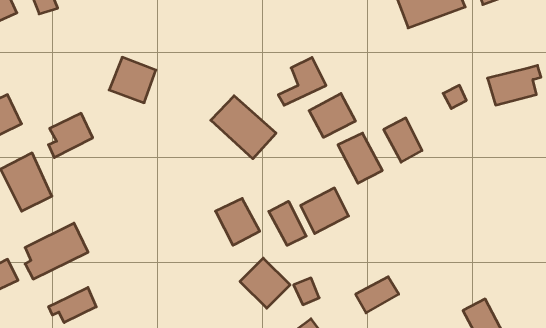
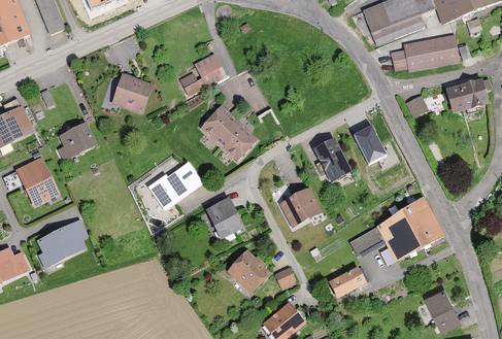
building: none -> [391,35,460,70]
building: [278,57,326,105] -> [182,53,225,95]
building: [309,93,355,137] -> none
building: none -> [147,162,202,210]
building: none -> [348,197,444,262]
building: [269,201,306,245] -> none
building: [49,287,96,323] -> none

